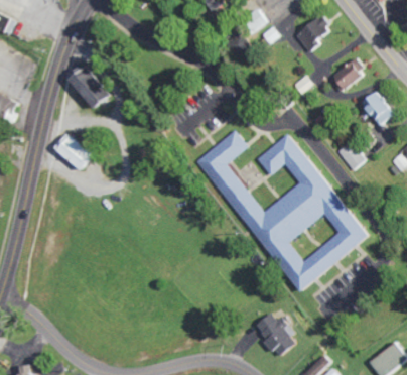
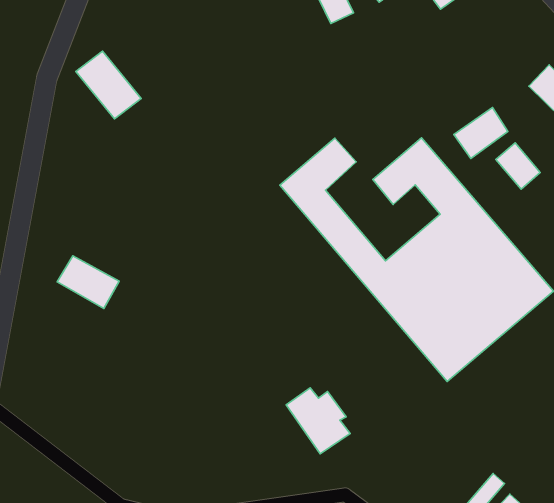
building: [331,58,367,91] -> [454,107,508,158]
building: [52,133,93,168] -> [57,256,119,308]
building: [256,312,296,356] -> [286,388,350,454]

